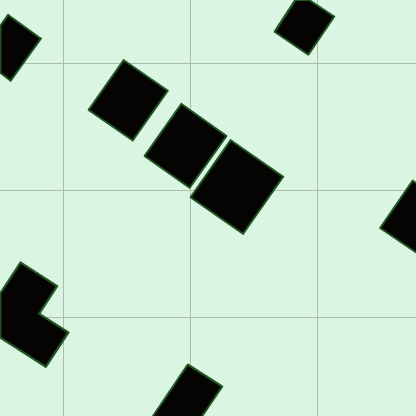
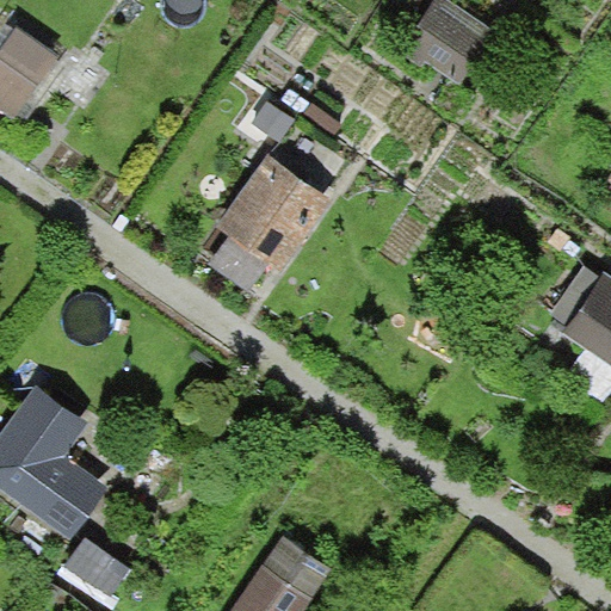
building: [89,60,168,141] -> none
building: [191,140,283,234] -> none

